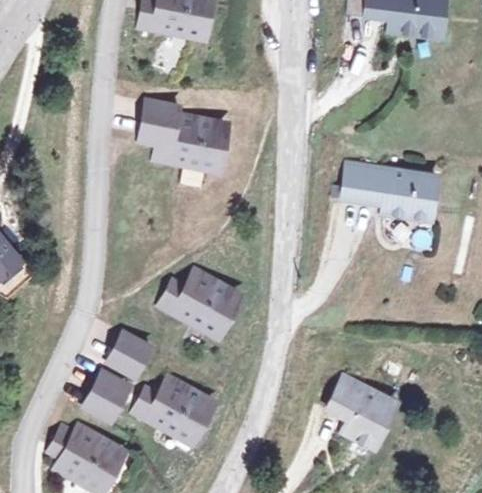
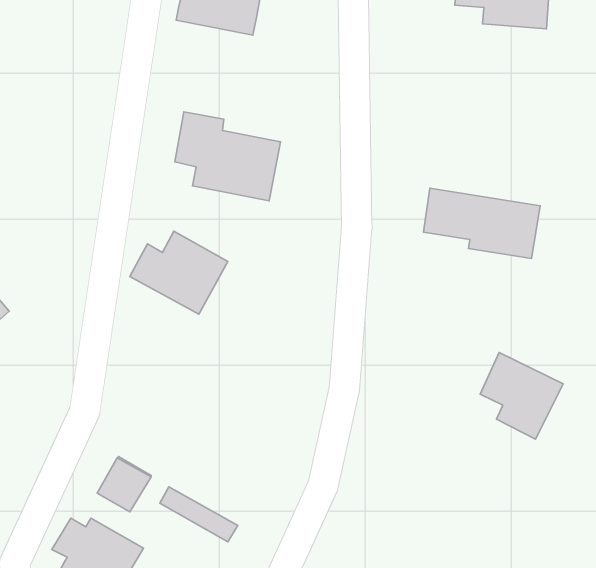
building: [162,271,240,337] -> [130,231,228,314]
building: [108,332,151,376] -> none
building: [140,377,211,431] -> none
building: [328,378,394,447] -> [480,353,563,439]

